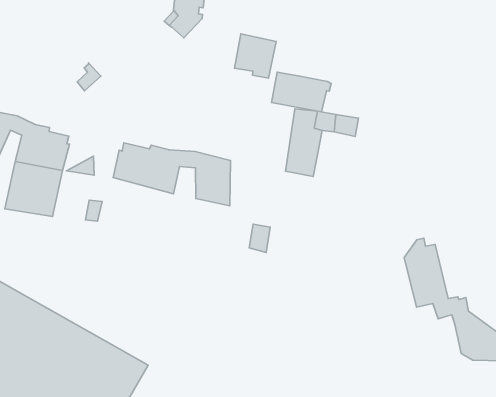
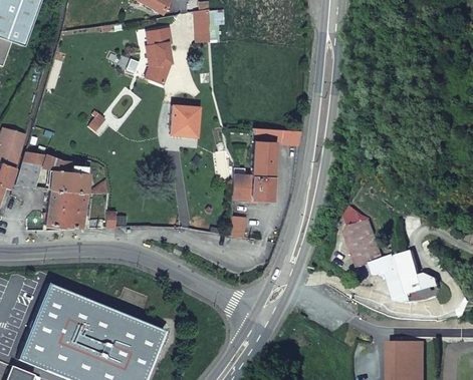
building: [235,34,276,78] -> [171,106,200,137]
building: [271,72,331,112] -> [233,175,276,202]
building: [113,143,230,206] -> none

